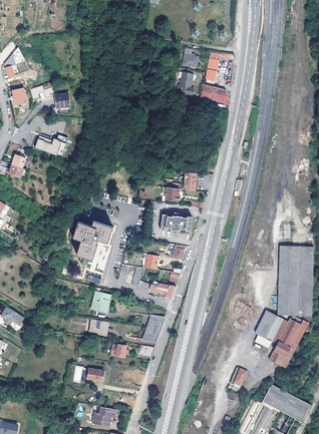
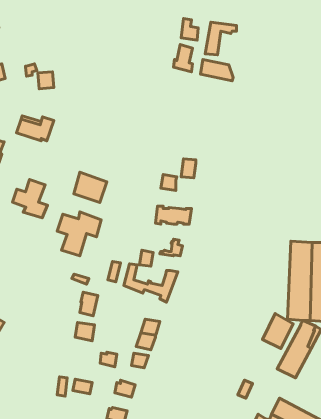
building: none -> [74,172,107,203]
building: none -> [12,179,47,218]

